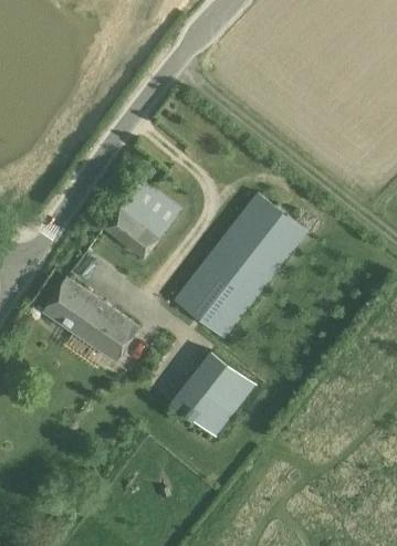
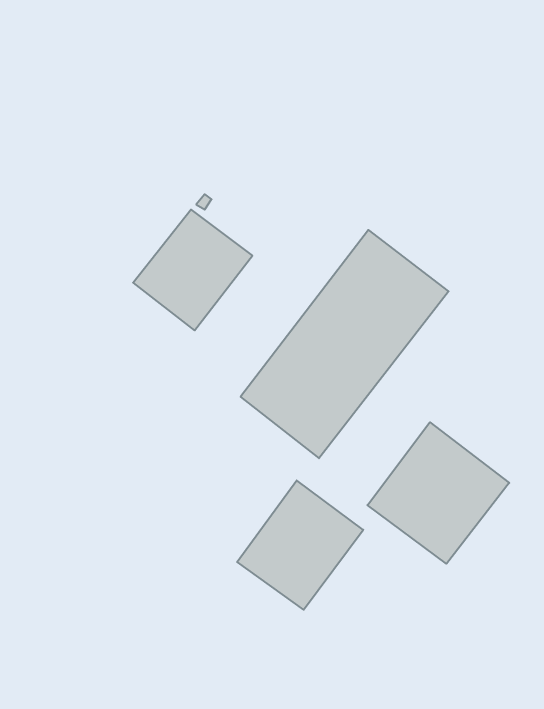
building: [42,275,139,360] -> none
building: none -> [367,422,509,564]

